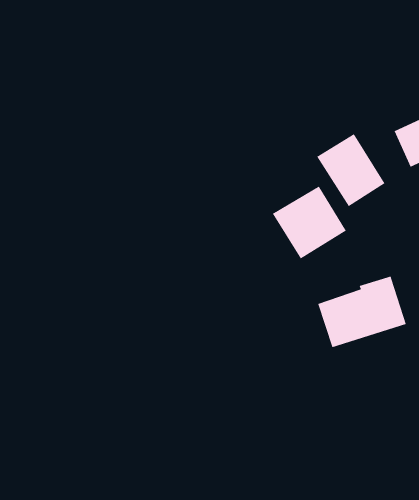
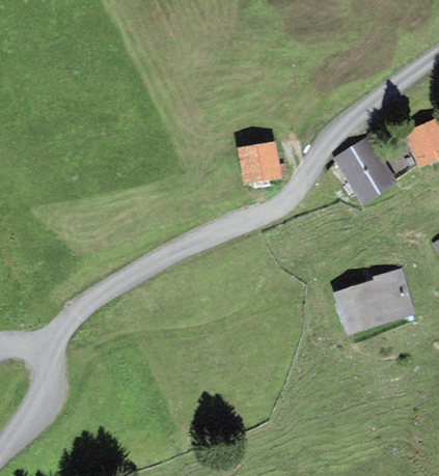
building: none -> [238,142,280,183]
building: [272,186,347,259] -> none

